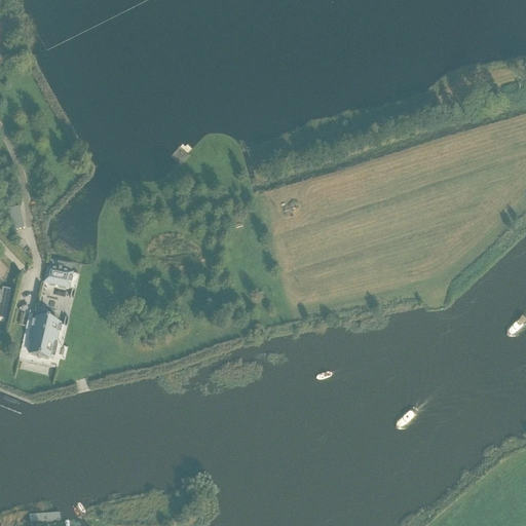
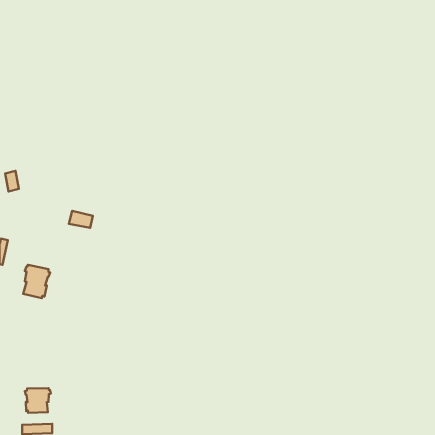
building: [42,267,71,288] -> [69,211,93,228]
building: none -> [25,388,51,413]

